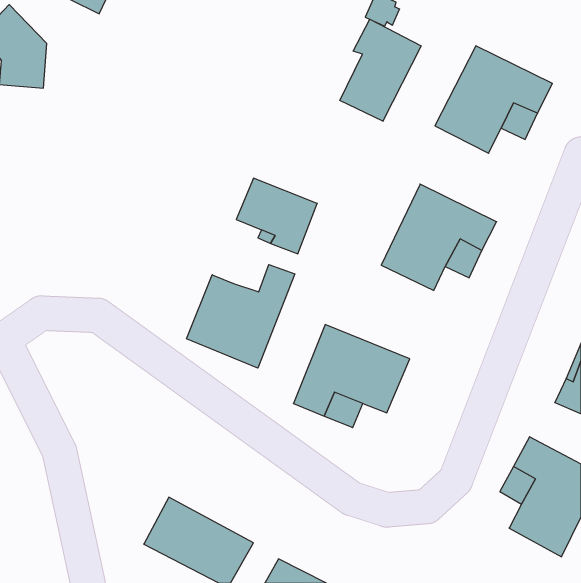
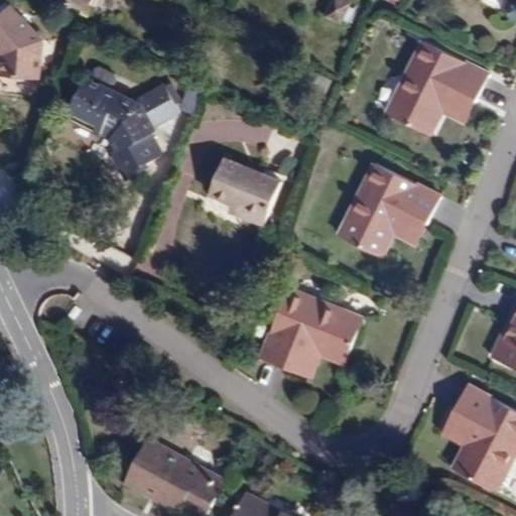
building: [340,19,421,121] -> none
building: none -> [64,77,178,175]
building: [187,265,295,368] -> none

